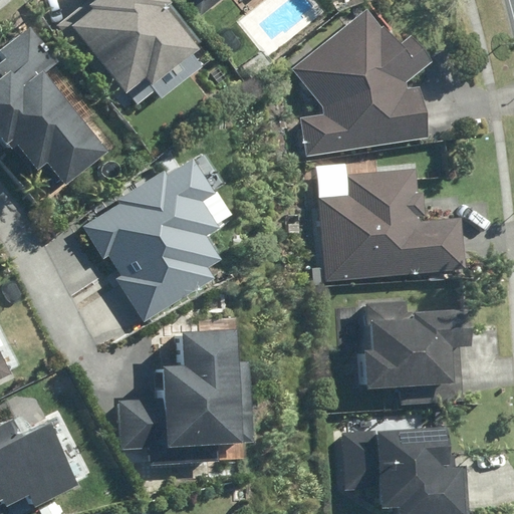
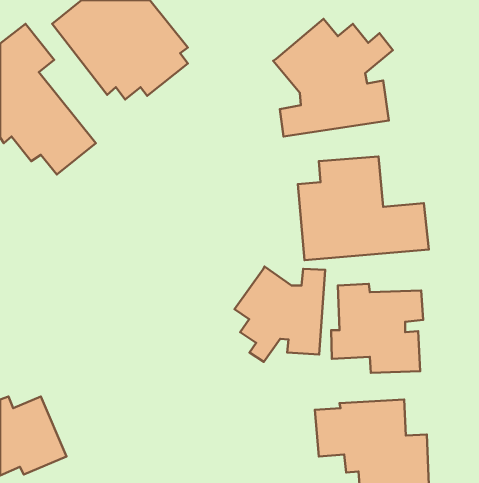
building: [85,160,225,323] -> none
building: none -> [235,267,325,362]
building: [119,321,251,465] -> none

